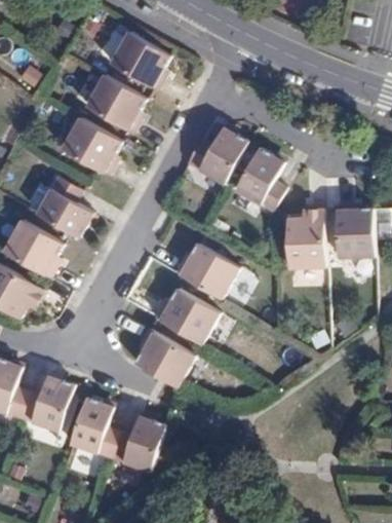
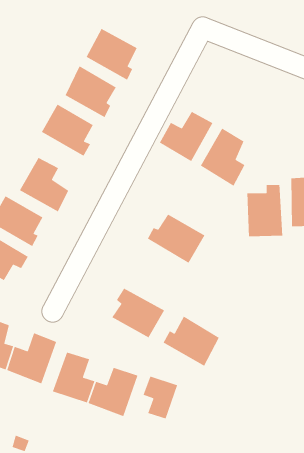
building: [155,285,220,342] -> [162,315,220,367]
building: none -> [143,376,178,419]

